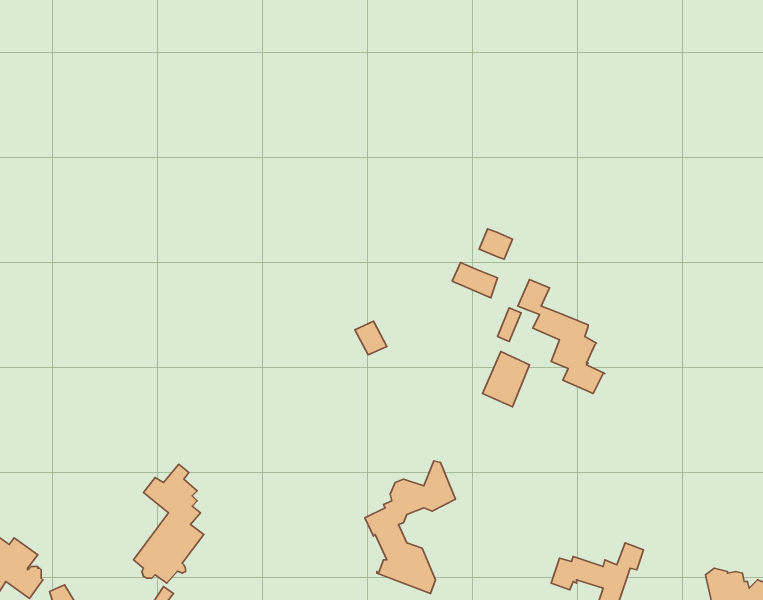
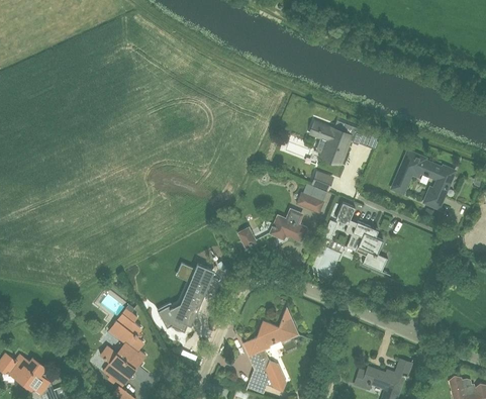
building: none -> [310,121,371,163]
building: none -> [391,149,455,208]
building: none -> [272,208,307,241]
building: none -> [157,269,209,331]

